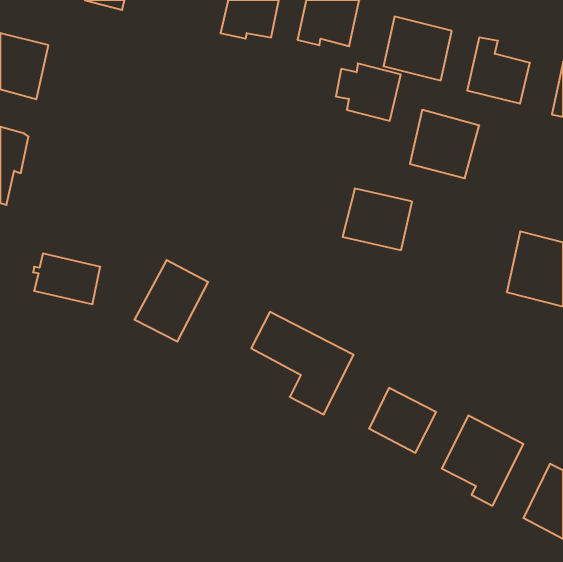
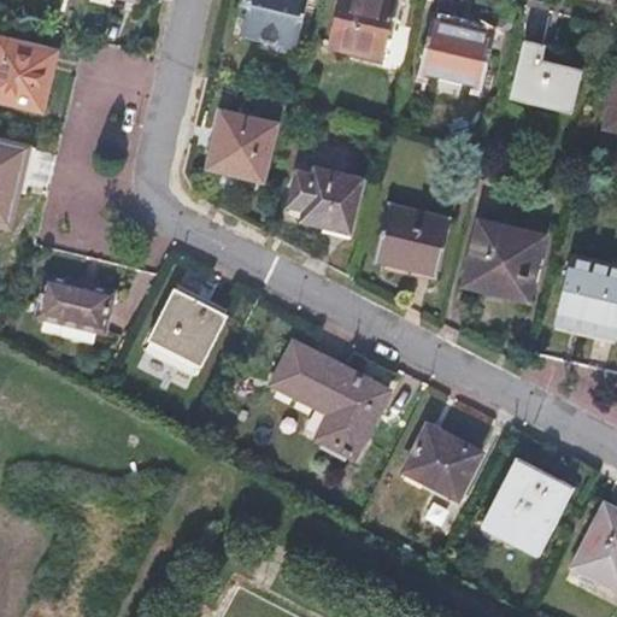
building: [336,63,401,121] -> [288,168,359,230]
building: none -> [208,112,274,180]
building: [410,110,479,178] -> [468,223,543,298]

